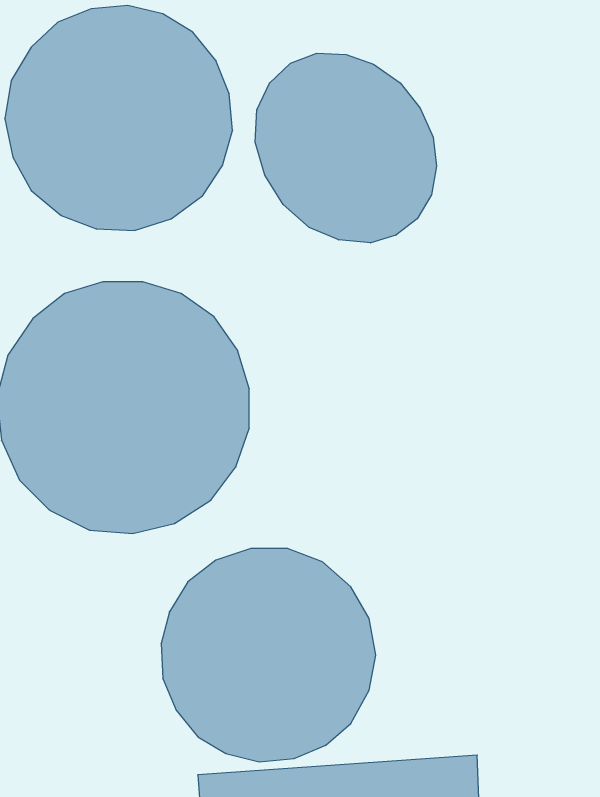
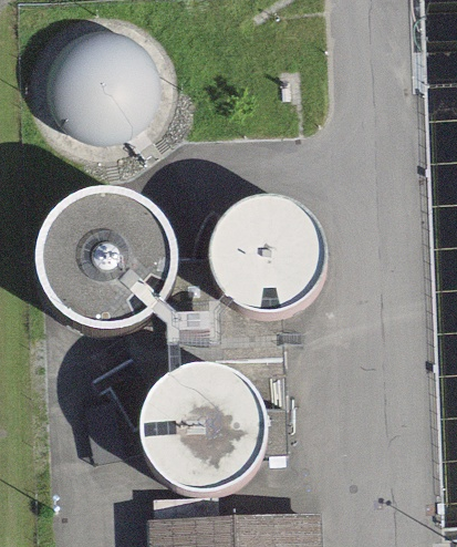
building: [255,53,437,243] -> none
building: none -> [201,193,333,323]

